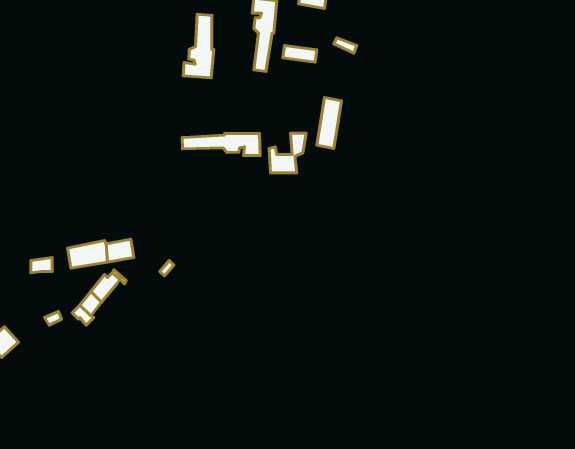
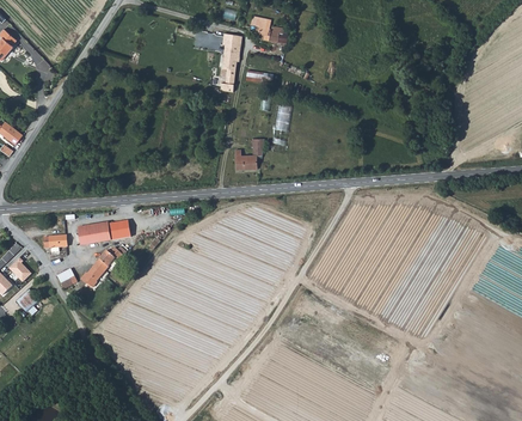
building: [183,14,214,78] -> none
building: [182,134,260,155] -> none

